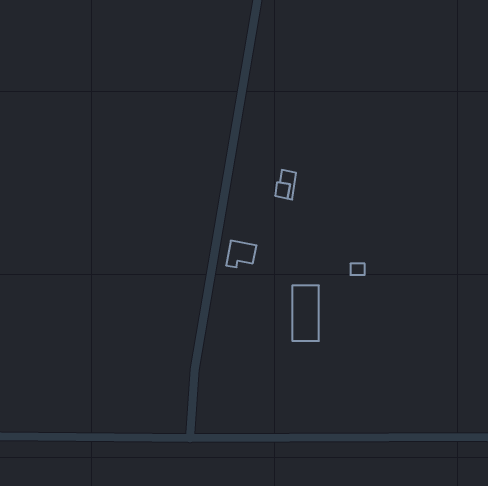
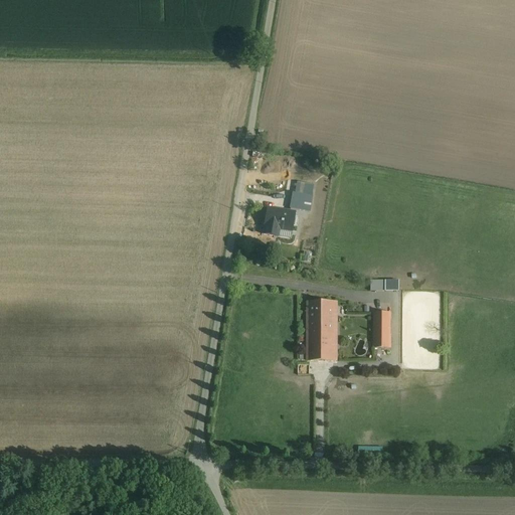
building: [226,241,257,267] -> [263,206,295,234]
building: none -> [374,311,390,346]

